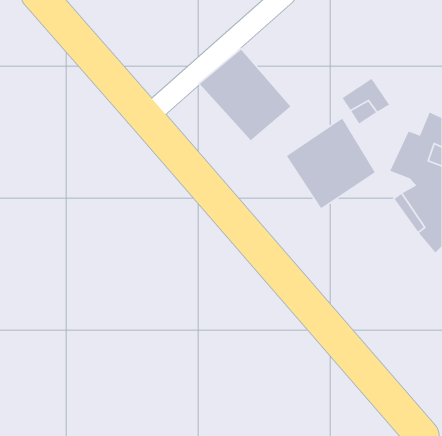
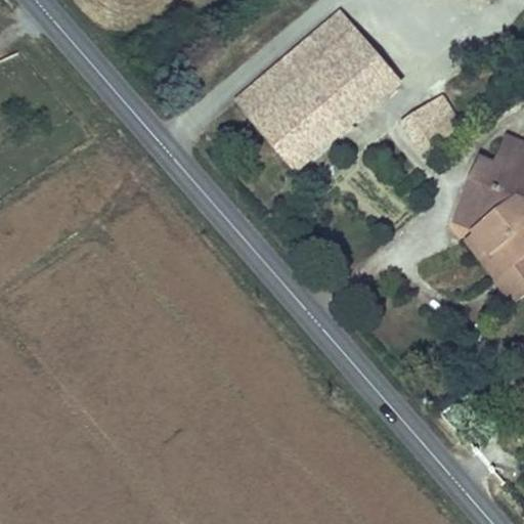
building: none -> [286,10,399,126]
building: [286,118,376,209] -> none

